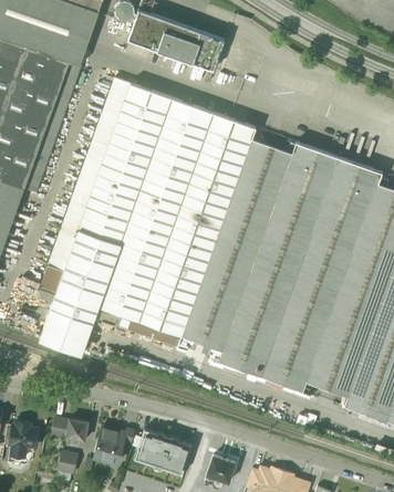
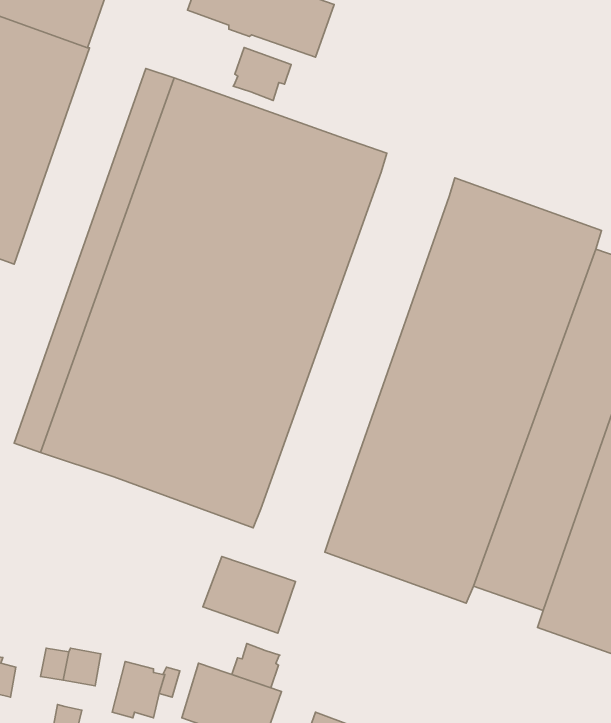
building: none -> [233,48,291,101]
building: [182,138,292,352] -> none
building: [39,303,95,355] -> none
building: none -> [203,556,296,633]
building: none -> [232,644,280,688]

